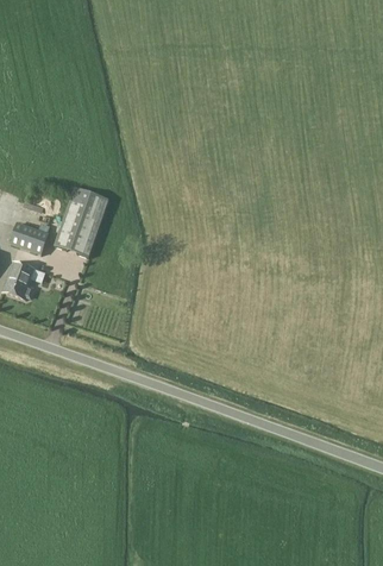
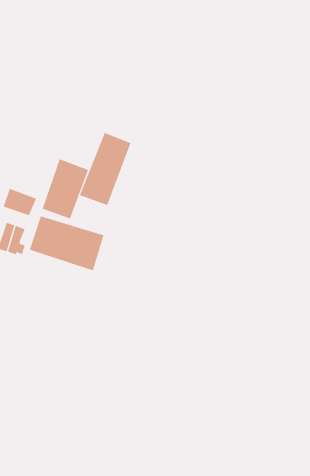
building: none -> [79,132,131,206]
building: none -> [29,215,104,271]

